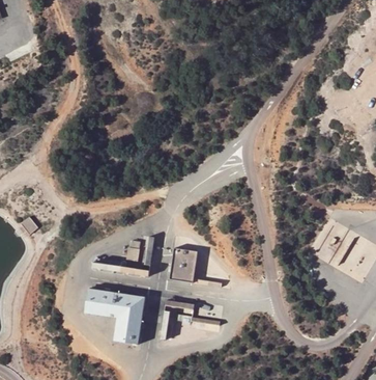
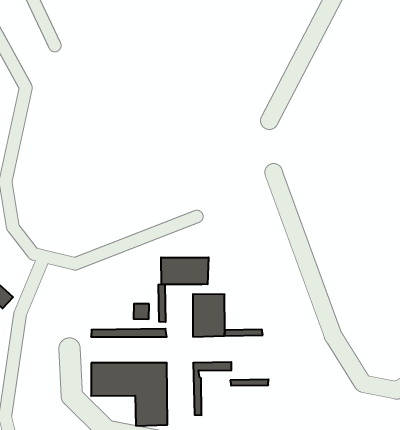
building: none -> [161,257,209,285]

